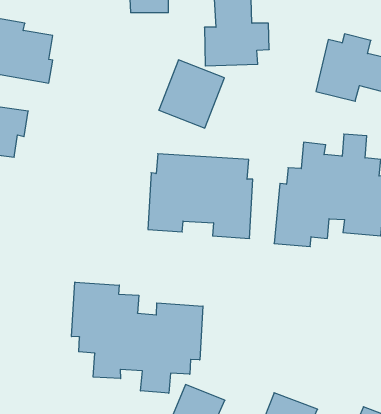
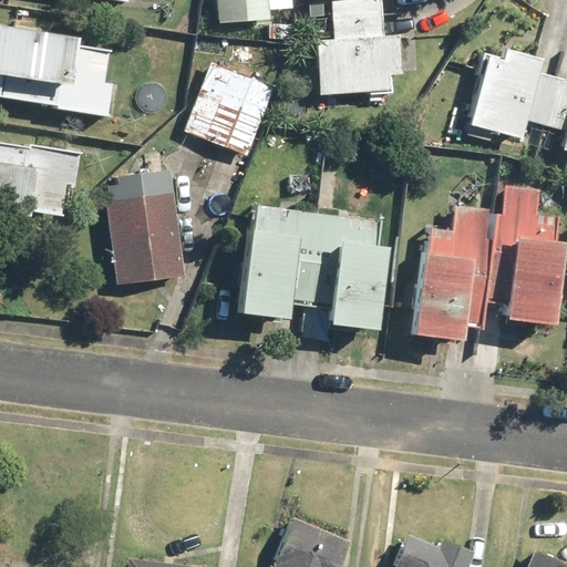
building: [159,60,224,128] -> [185,64,274,156]
building: none -> [106,172,183,285]
building: [72,282,203,393] -> none

